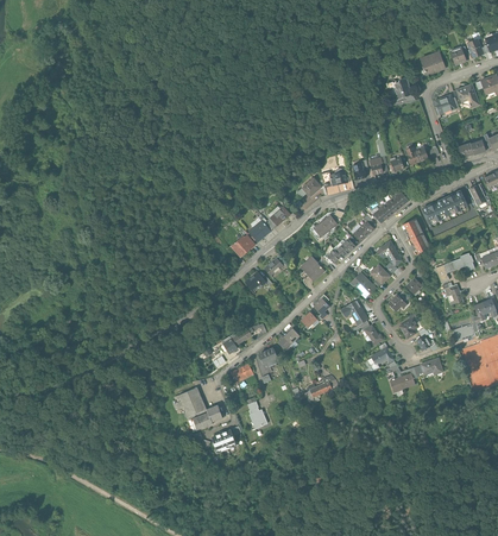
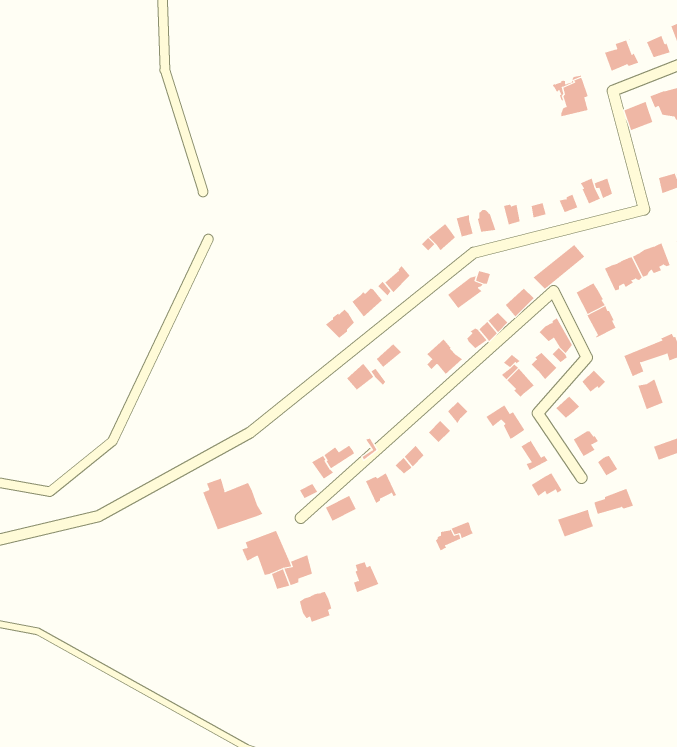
building: none -> [203,478,263,530]

